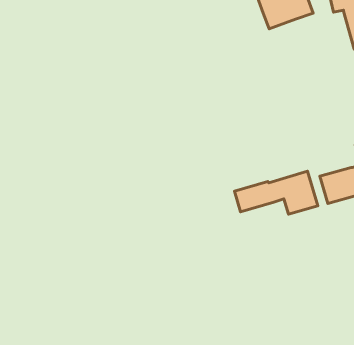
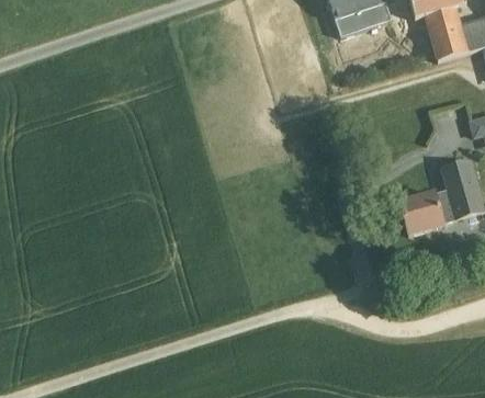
building: [235,171,318,214] -> none

